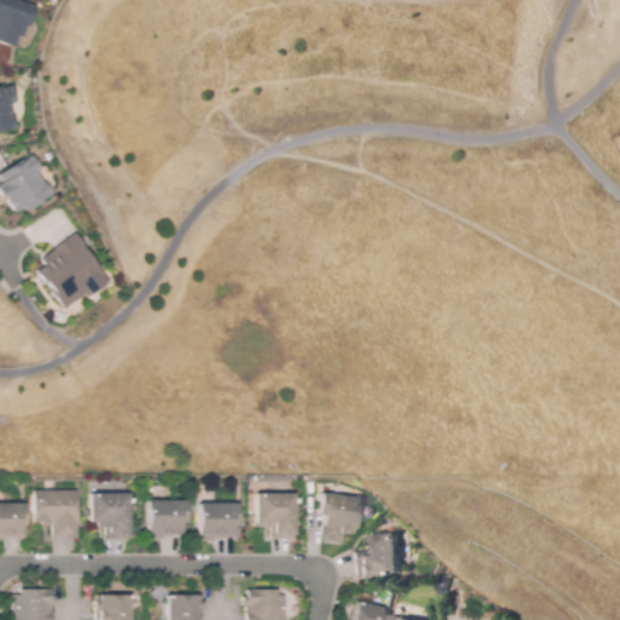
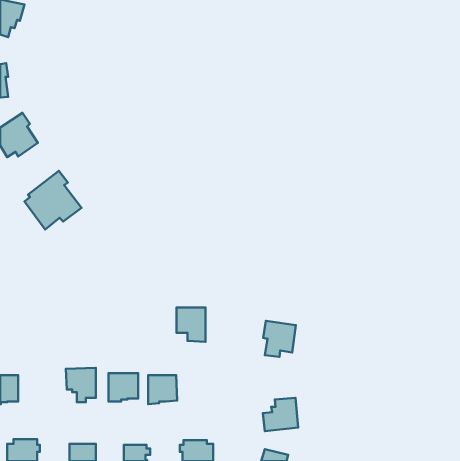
building: [35,490,81,538] -> none
building: [320,492,363,540] -> [263,321,296,357]
building: [257,493,295,539] -> [177,307,206,342]

